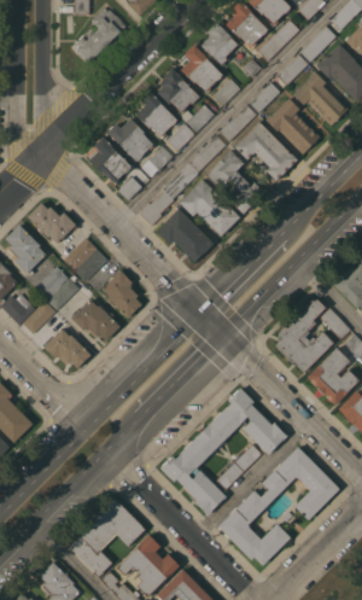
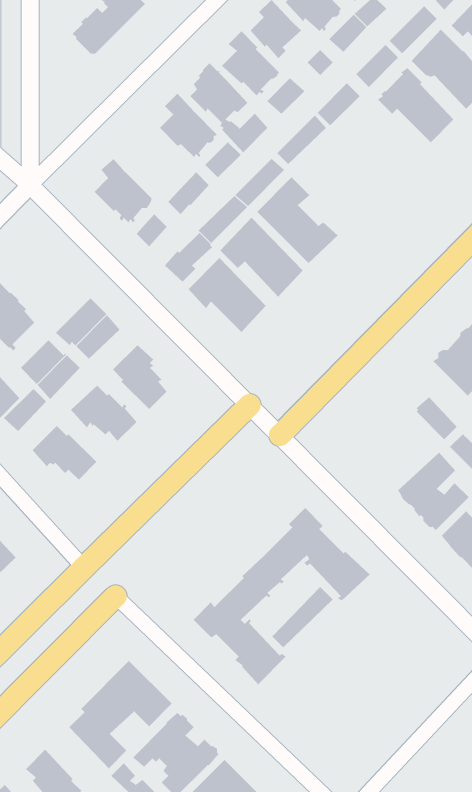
building: [264,98,320,155] -> none
building: [106,118,153,161] -> none
building: [233,122,297,181] -> none
building: [27,203,77,243] -> none
building: [275,299,333,372] -> none
building: [217,447,339,565] -> none

